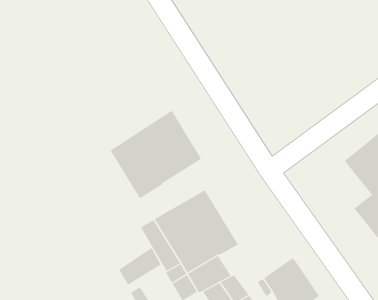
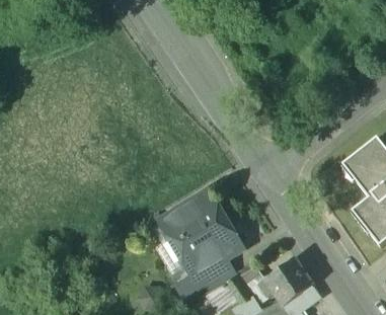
building: [110,110,202,199] -> none
building: [119,247,162,285] -> none

